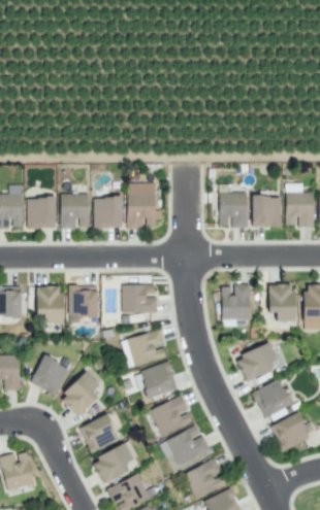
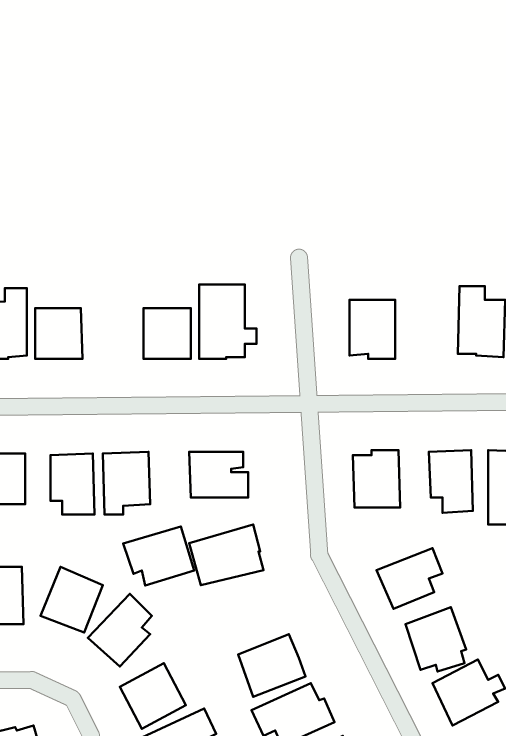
building: [61,194,90,230] -> none
building: [252,196,282,228] -> none
building: [134,363,178,399] -> [123,527,194,586]

